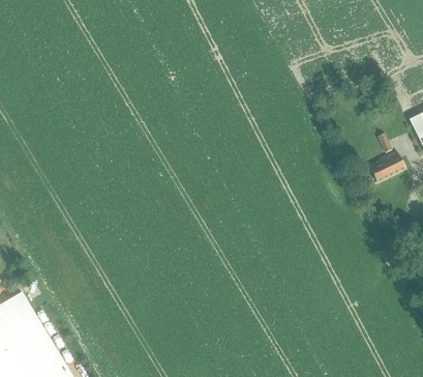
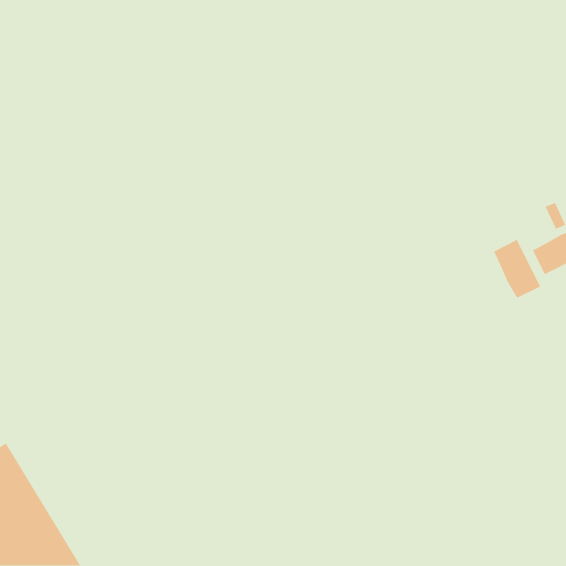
building: none -> [493,239,541,299]

